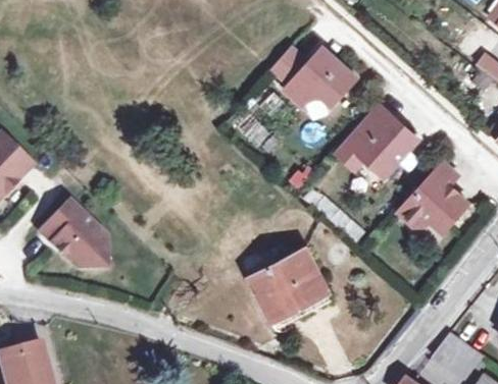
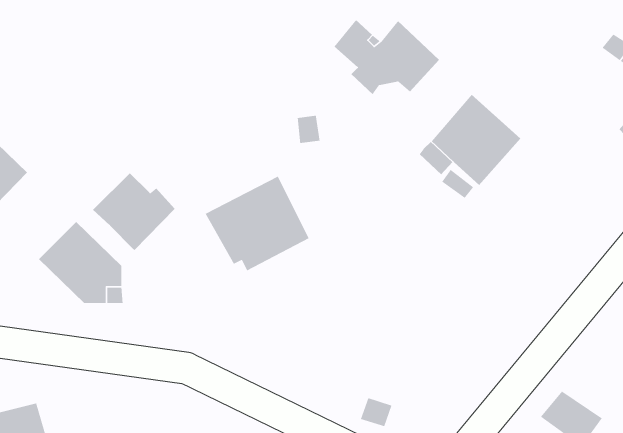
building: [398,160,467,230] -> none
building: none -> [92,173,175,251]
building: [251,251,333,325] -> [205,176,310,271]

